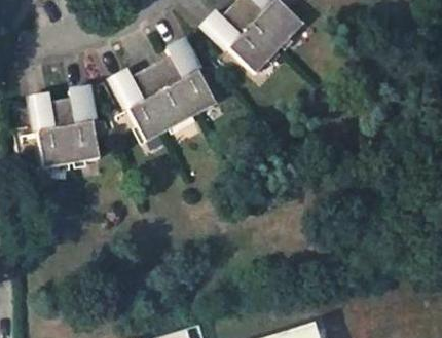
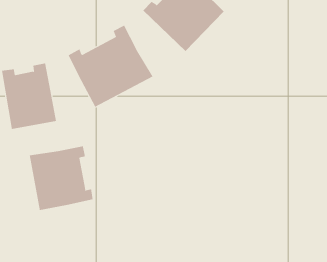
building: none -> [29,146,93,211]

